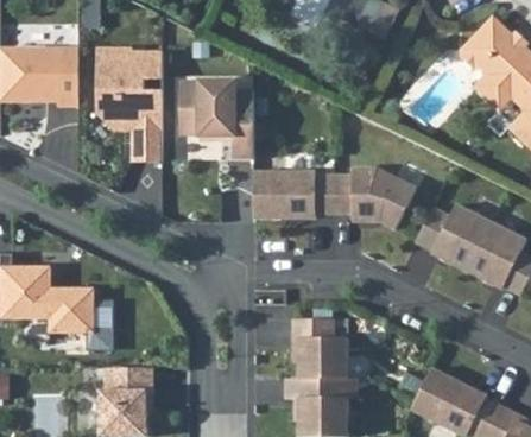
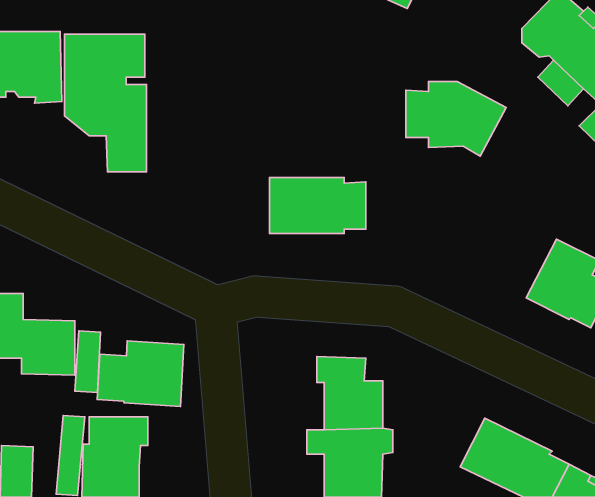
building: [182,84,242,164] -> none
building: [334,166,417,228] -> [406,82,506,156]
building: [416,203,492,270] -> none
building: none -> [97,341,184,406]

